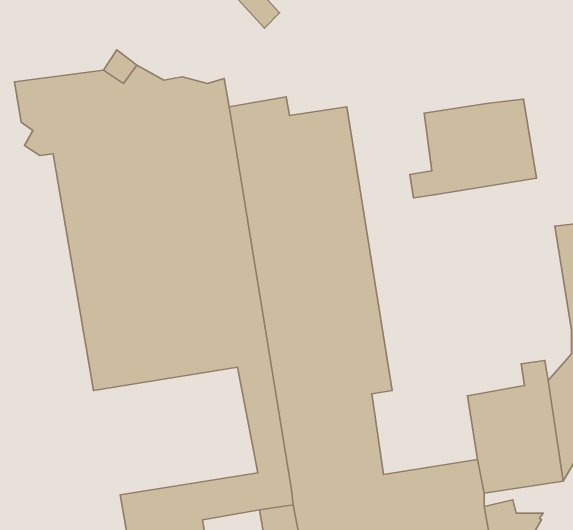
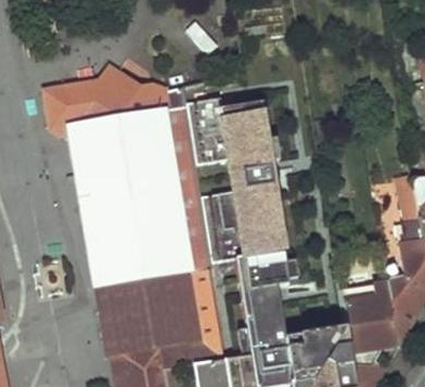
building: [410,99,536,198] -> none
building: none -> [95,273,202,357]

